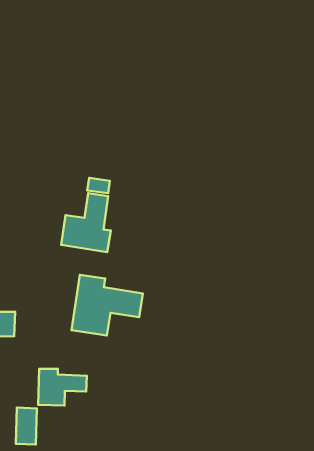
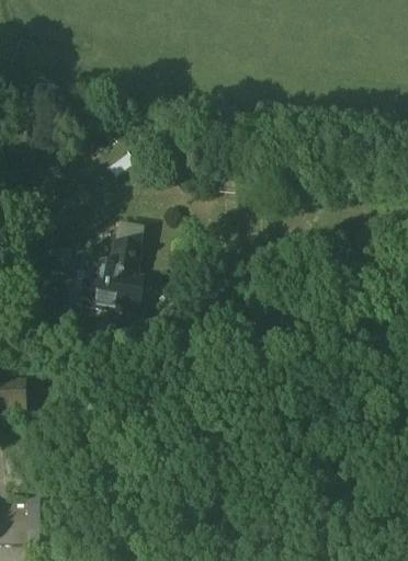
building: [72,275,143,335] -> none
building: [38,369,87,406] -> none

